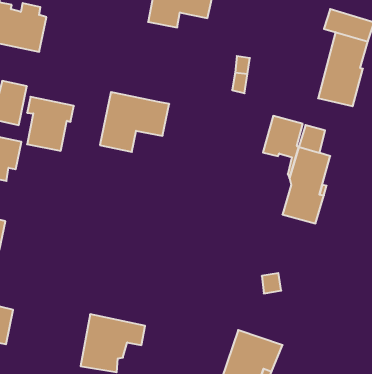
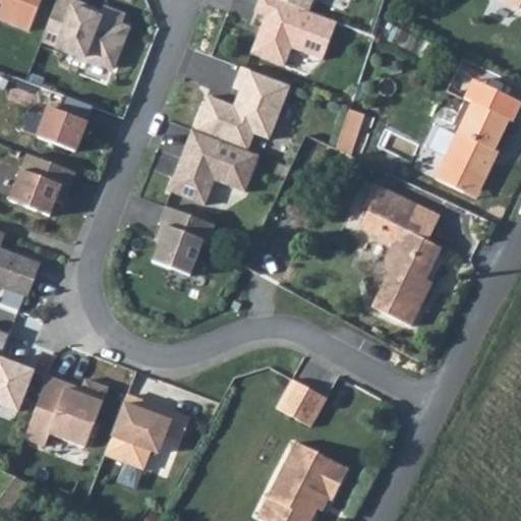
building: none -> [193,69,289,153]
building: [27,97,74,151] -> [152,207,215,277]
building: none -> [276,378,327,424]
building: none -> [23,373,105,446]

